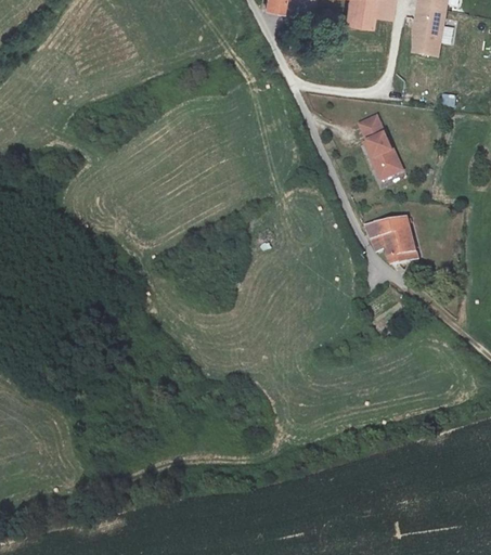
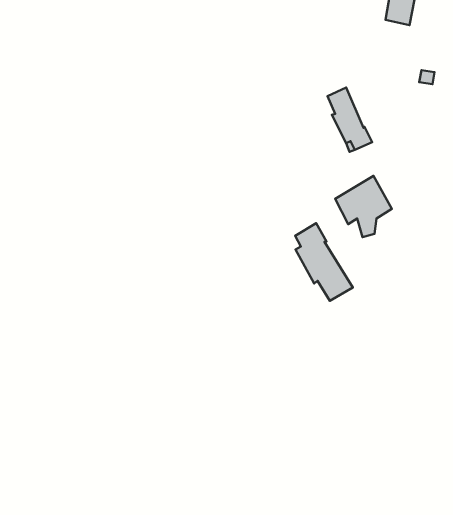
building: none -> [295,223,353,301]

